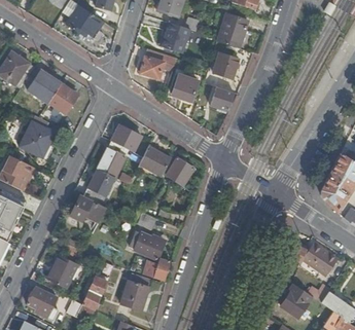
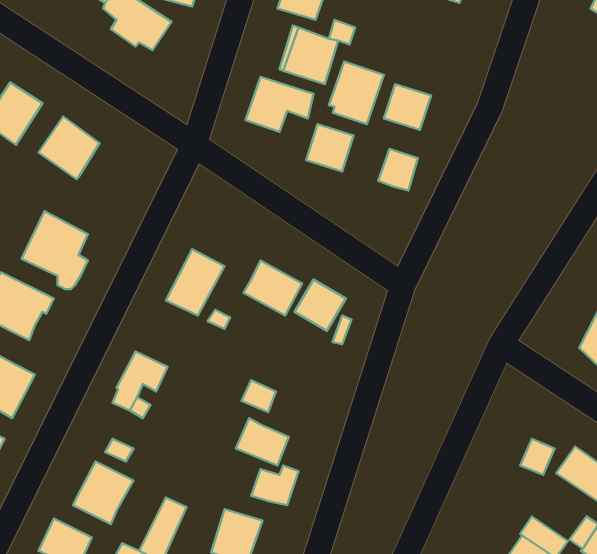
building: [215,12,245,46] -> [329,61,384,124]
building: [48,82,78,113] -> none
building: [110,124,140,152] -> none
building: [81,169,113,205] -> none

